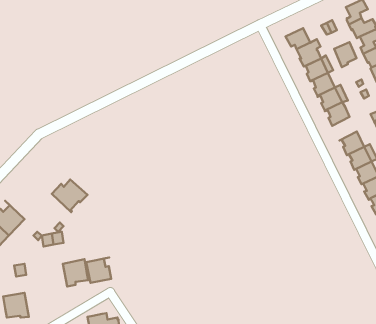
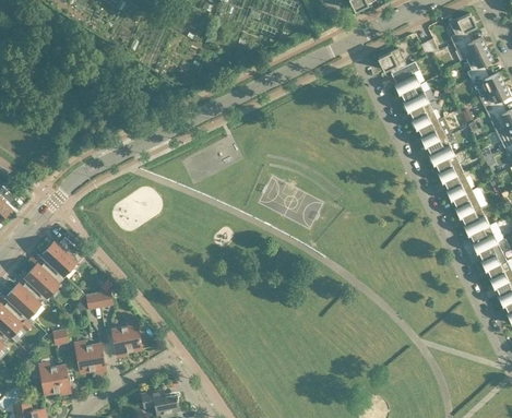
building: [334,42,357,67] -> none
building: none -> [433,151,465,182]
building: [52,179,88,212] -> [43,237,85,276]
building: [86,257,111,283] -> none
building: none -> [75,343,106,373]

